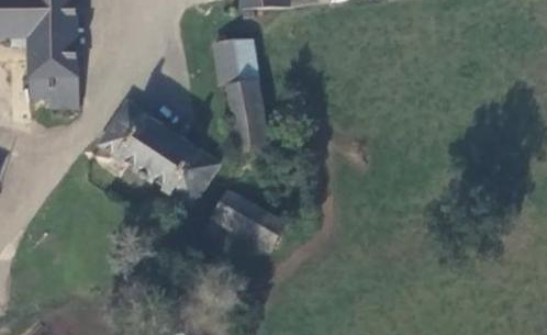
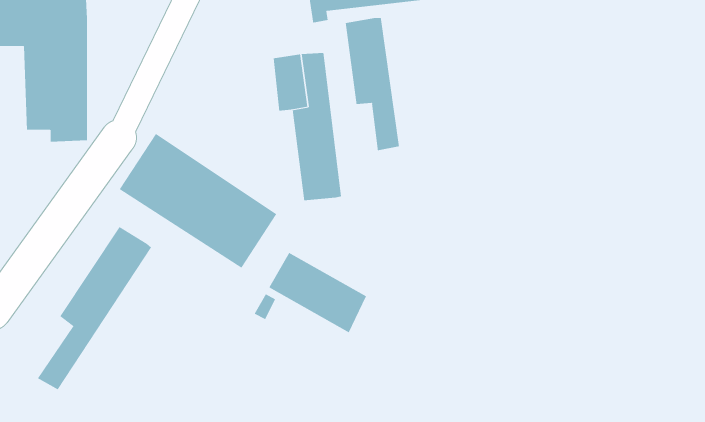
building: none -> [345,17,399,151]
building: none -> [37,226,152,390]

